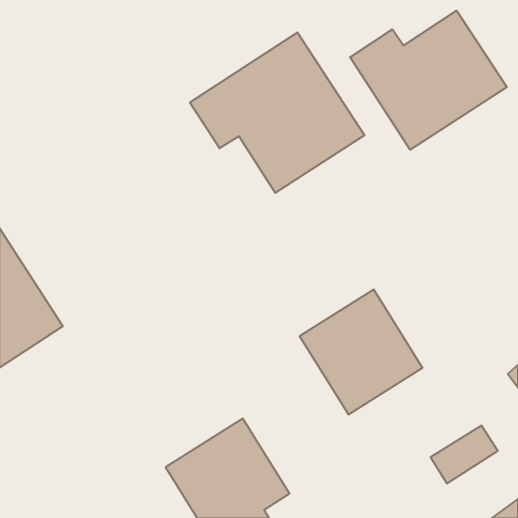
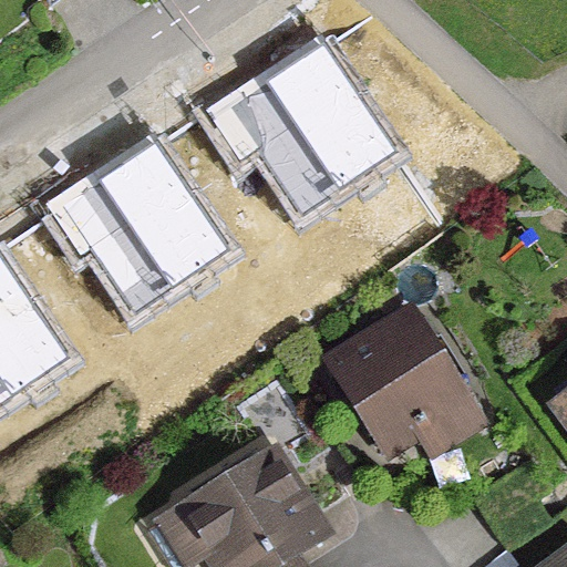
building: [350,11,507,150] -> none
building: none -> [50,141,229,312]

